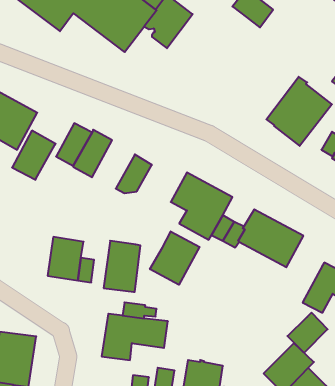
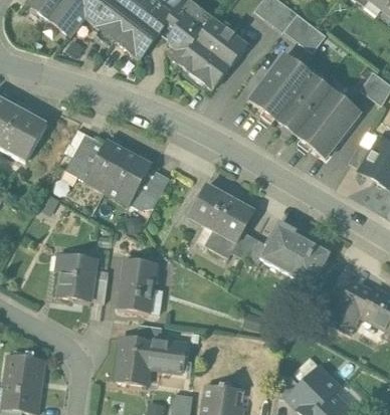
building: none -> [284,13,327,52]
building: none -> [179,18,247,89]
building: none -> [250,54,325,130]
building: [12,131,56,180] -> [106,152,152,204]
building: [150,231,200,285] -> none
building: [287,313,328,353] -> none

